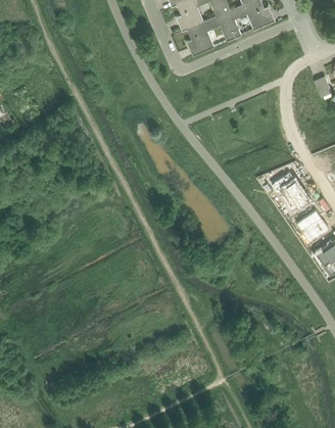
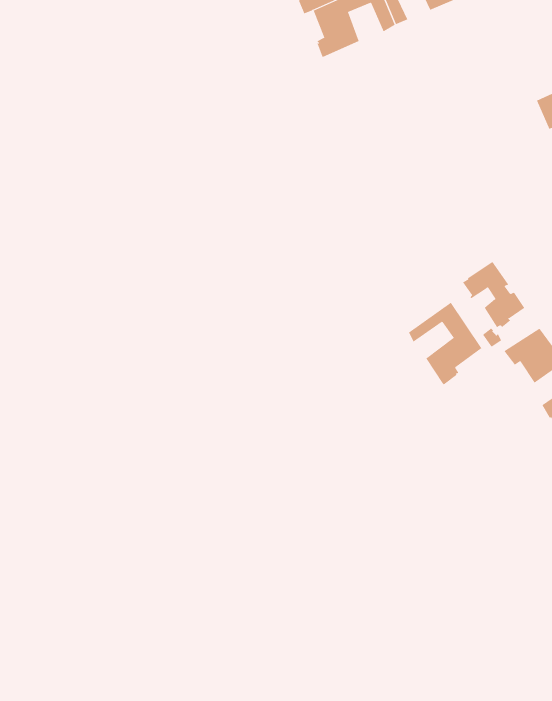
building: none -> [408,302,482,385]

